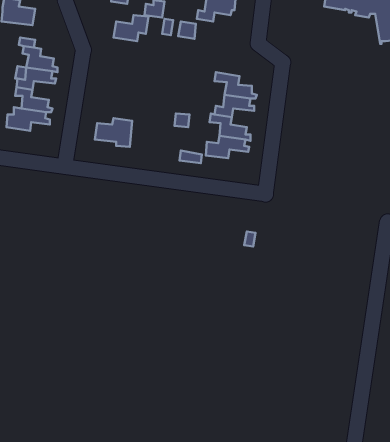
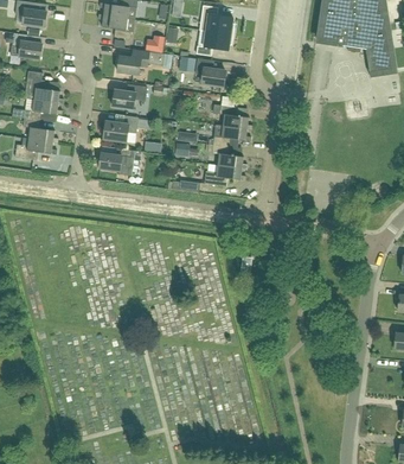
building: none -> [194,57,225,85]
building: none -> [111,84,147,108]
building: none -> [103,114,148,141]

